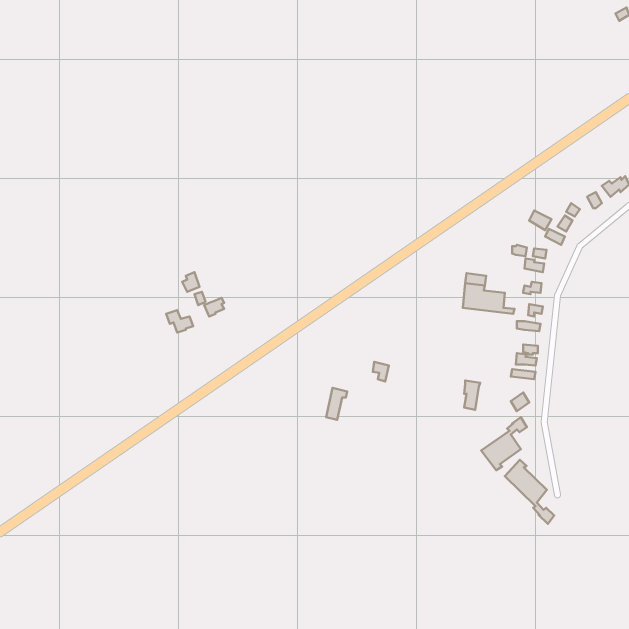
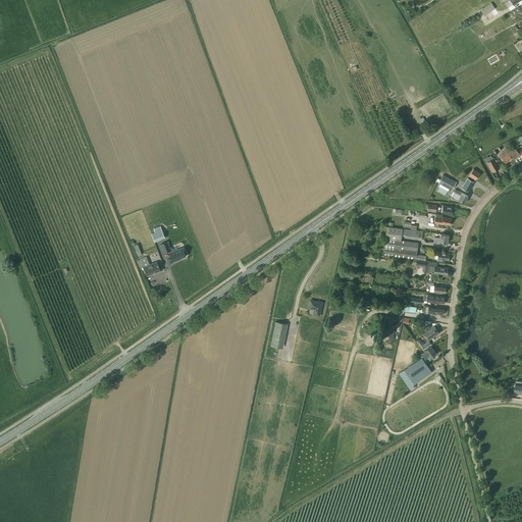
building: [505,460,554,524] -> none

